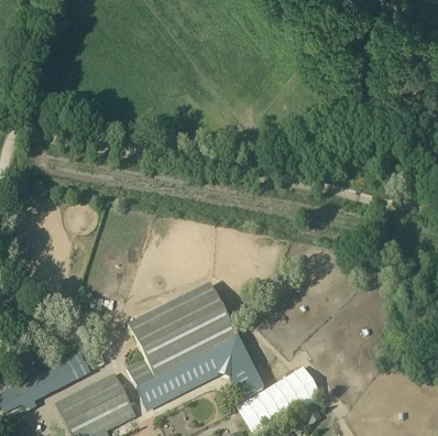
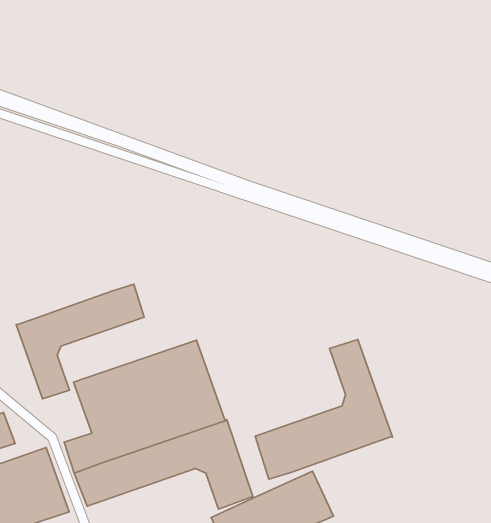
building: none -> [16,284,144,399]
building: none -> [255,340,392,479]

